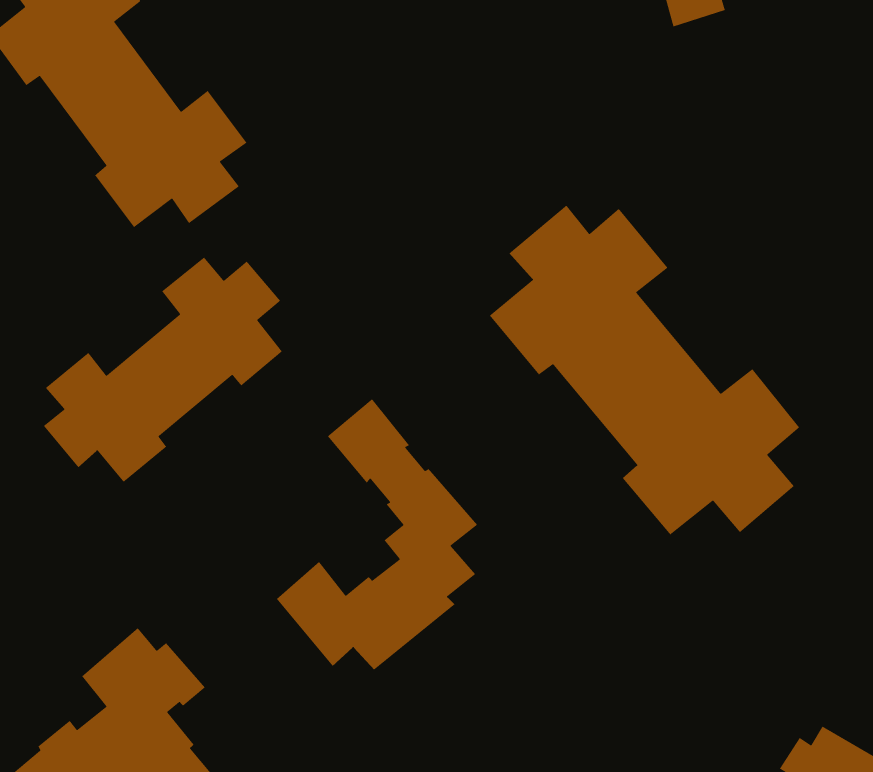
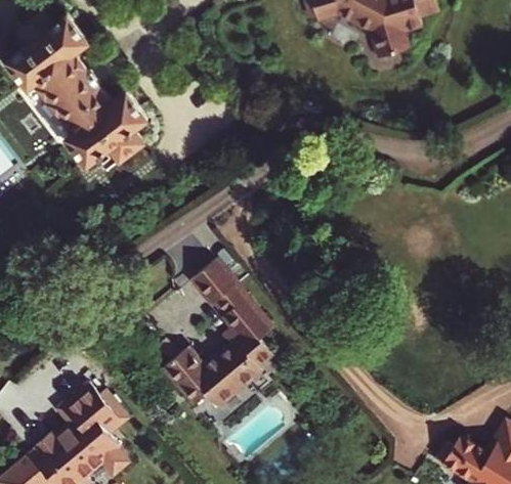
building: [489,205,800,535] -> none
building: [43,257,283,483] -> none

